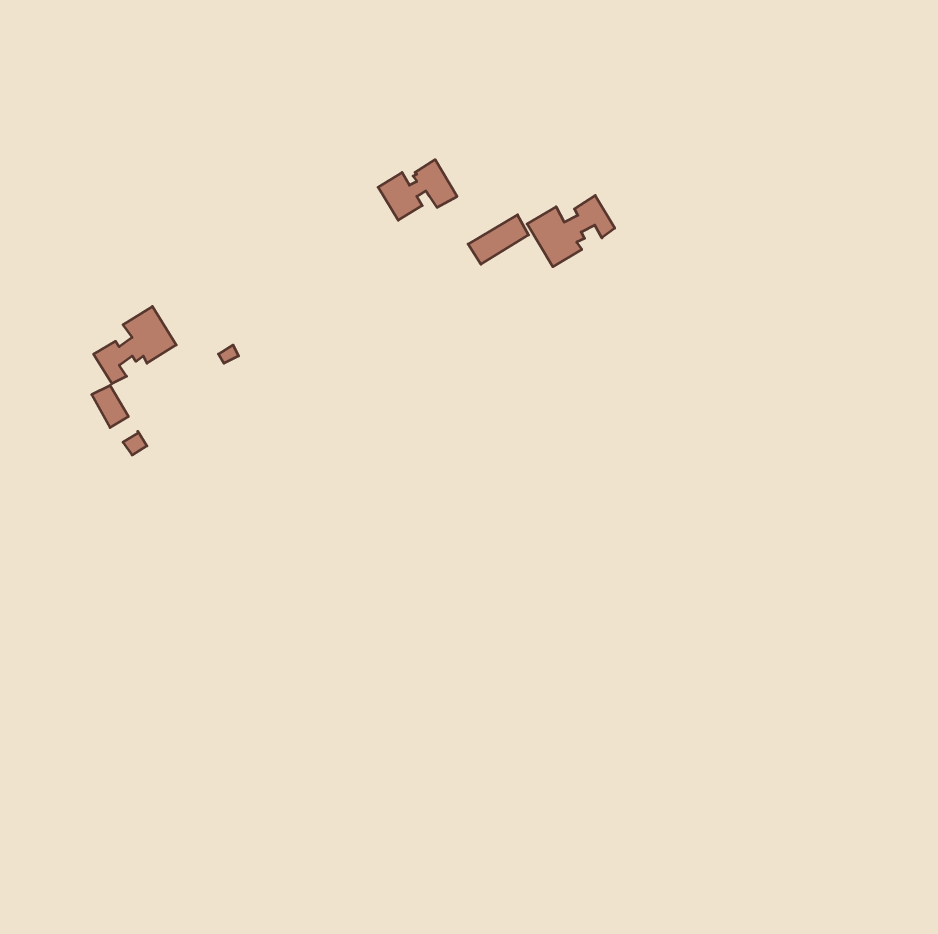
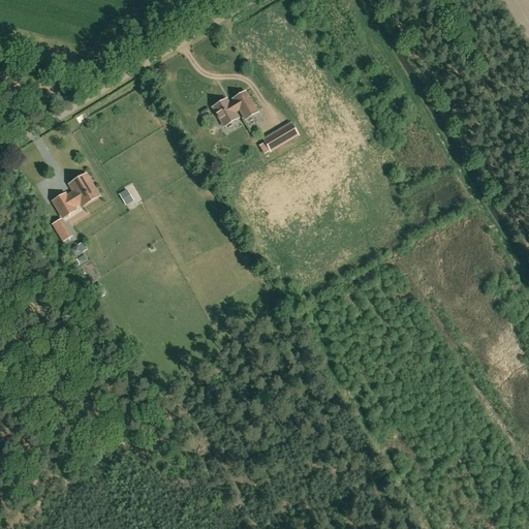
building: [527,195,615,267] -> none

